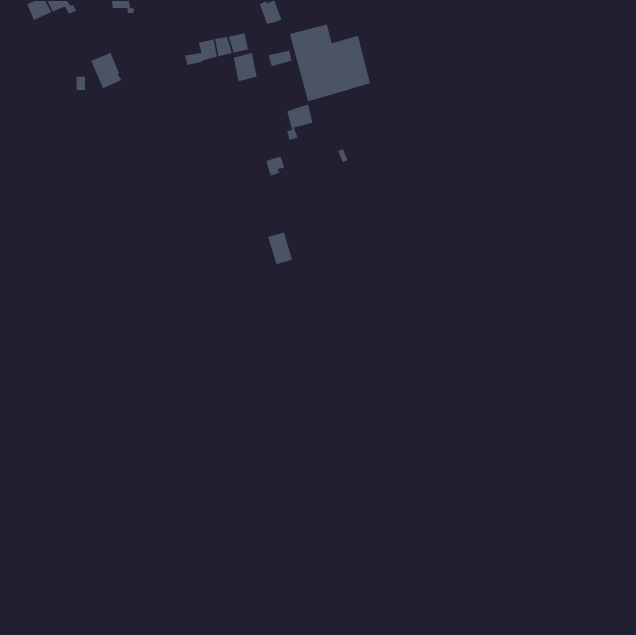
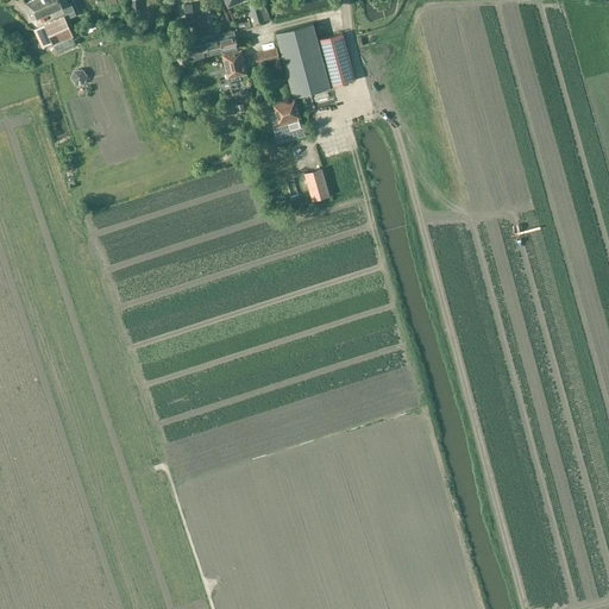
building: [90,52,122,89] -> [44,18,75,54]
building: [267,232,293,265] -> [302,169,327,201]

